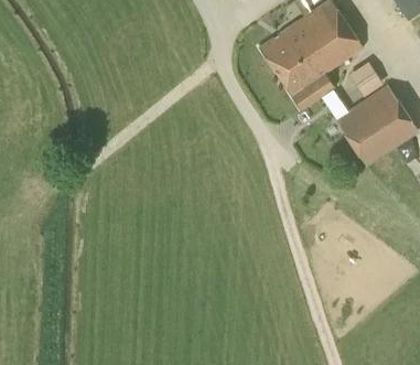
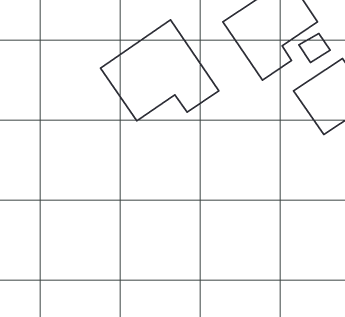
building: none -> [100,20,219,121]

